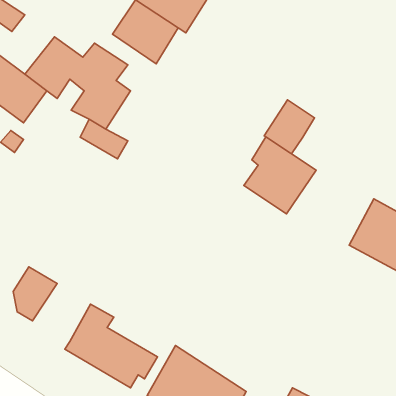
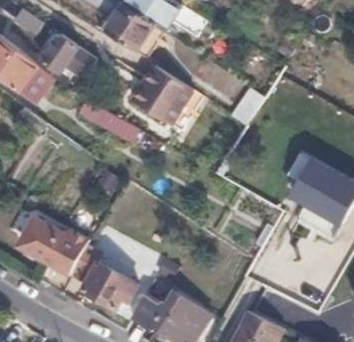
building: [244,137,316,214] -> [140,67,196,128]
building: none -> [42,226,93,273]

